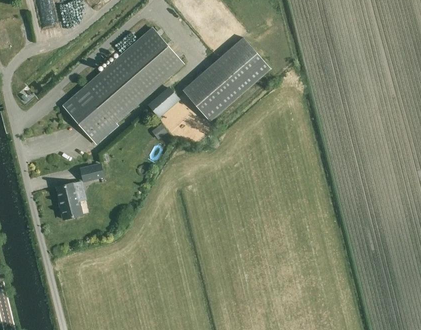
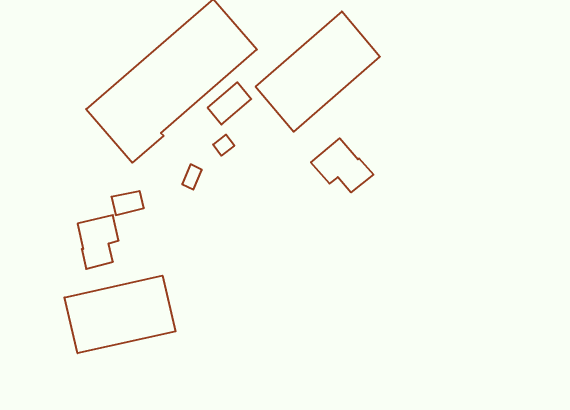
building: none -> [311,138,373,192]
building: none -> [64,276,176,353]

